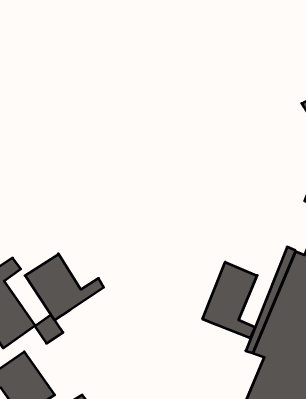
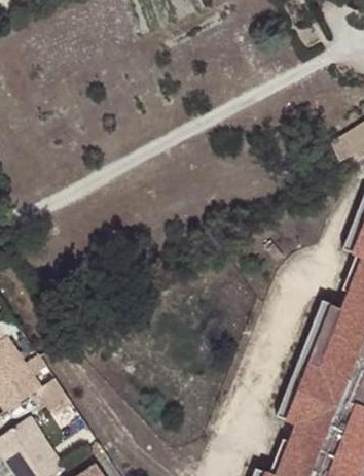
building: [25,254,104,320] -> none
building: [203,262,257,338] -> none

